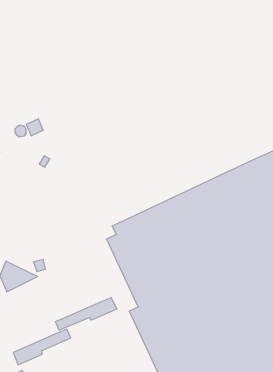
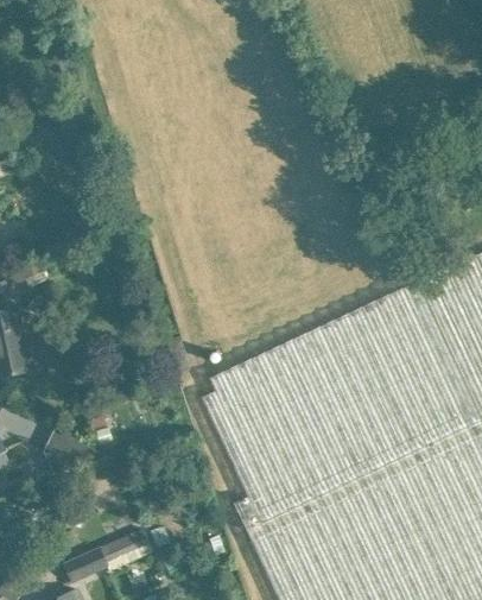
building: [56,298,117,330] -> none

